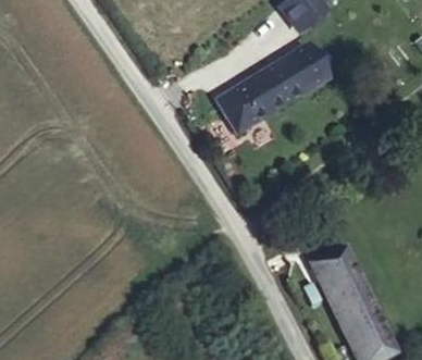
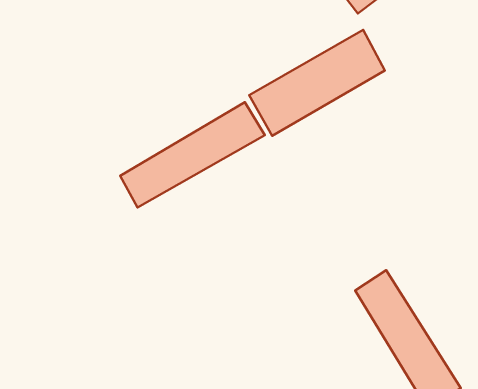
building: none -> [120,102,265,208]

